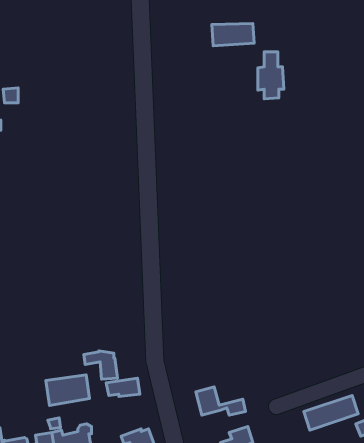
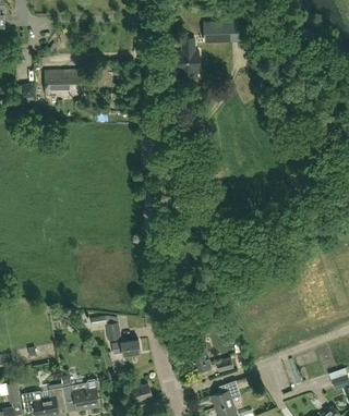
building: [258,52,284,99] -> [177,38,200,79]
building: none -> [45,70,83,94]
building: [46,375,90,406] -> none

